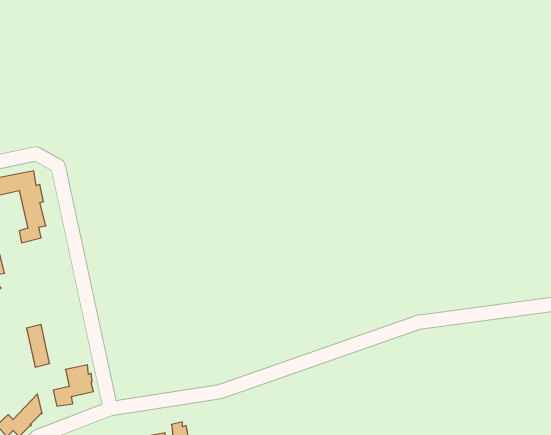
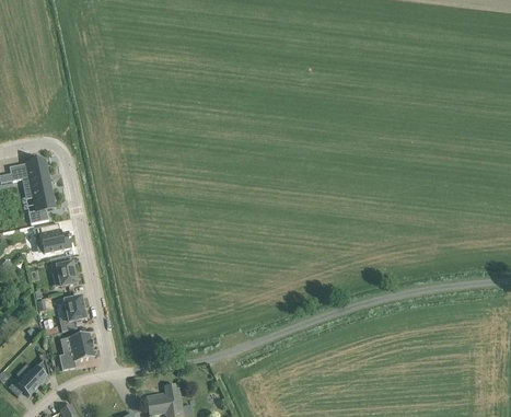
building: none -> [32,222,69,252]
building: none -> [49,255,76,286]
building: none -> [58,296,84,331]

